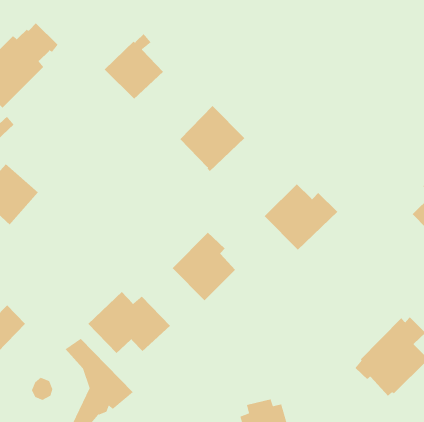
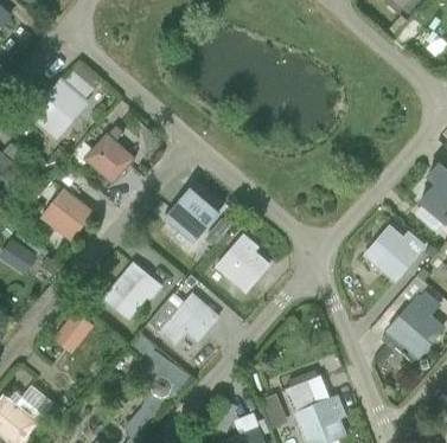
building: [104,33,164,99] -> [83,126,135,184]
building: [180,105,245,172] -> [164,186,221,244]
building: [264,184,338,251] -> [363,224,427,282]
building: none -> [104,262,161,312]

